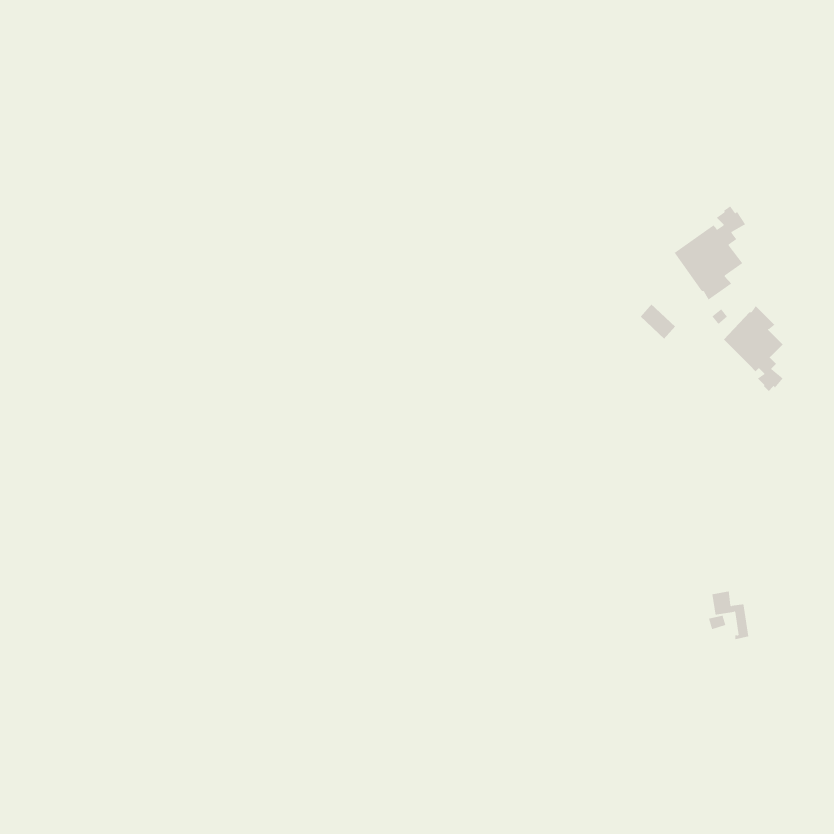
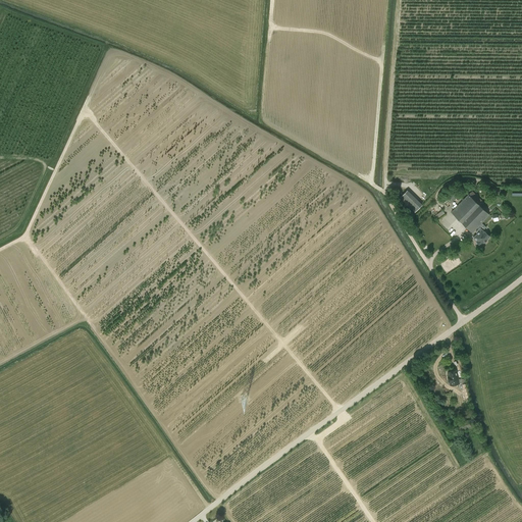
building: [674,206,746,301] -> none

